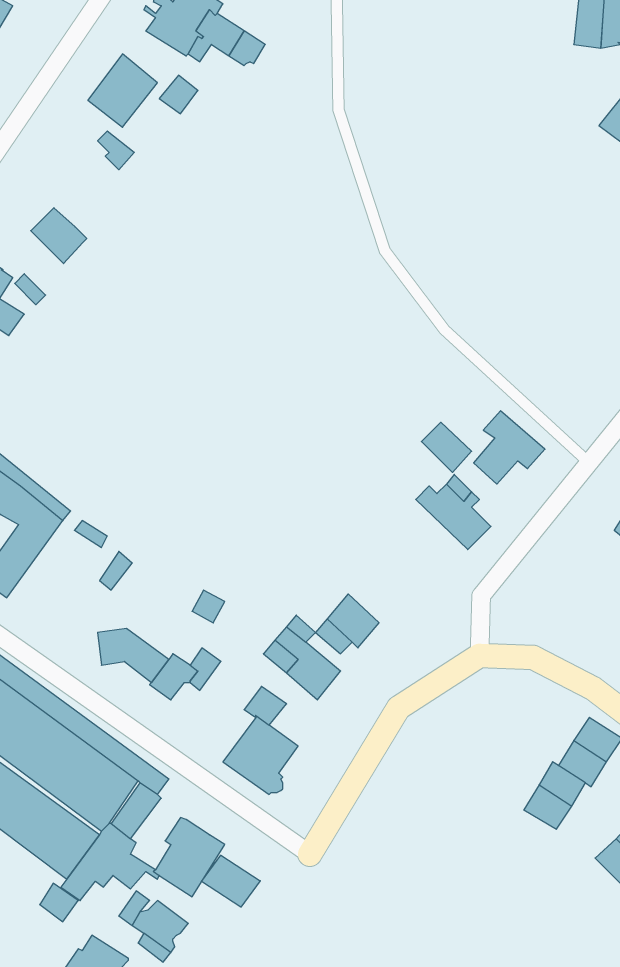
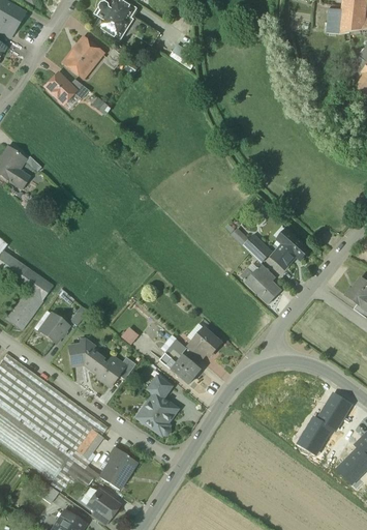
building: [31,208,87,264] -> [45,72,75,102]
building: none -> [39,312,68,342]
building: [202,855,260,907] -> none

